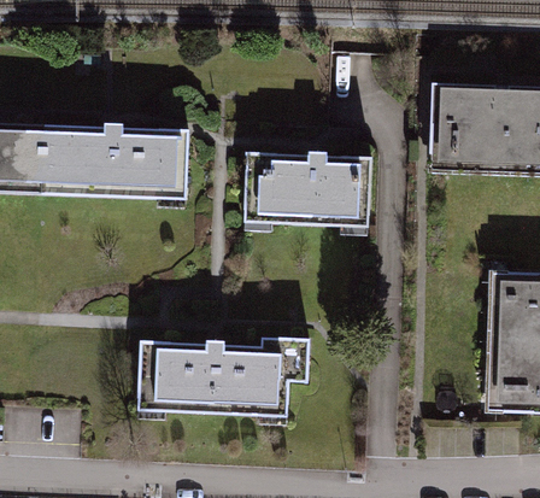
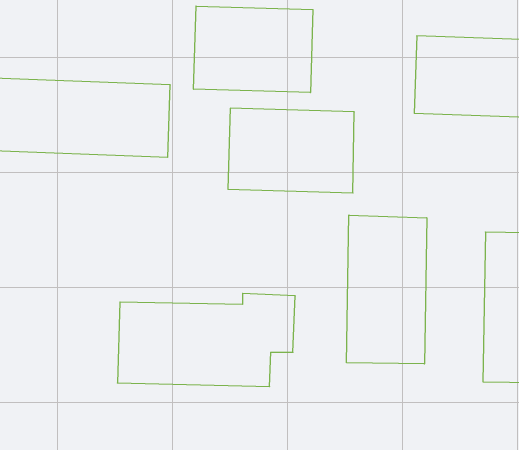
building: none -> [194,6,313,93]
building: none -> [347,215,427,364]

